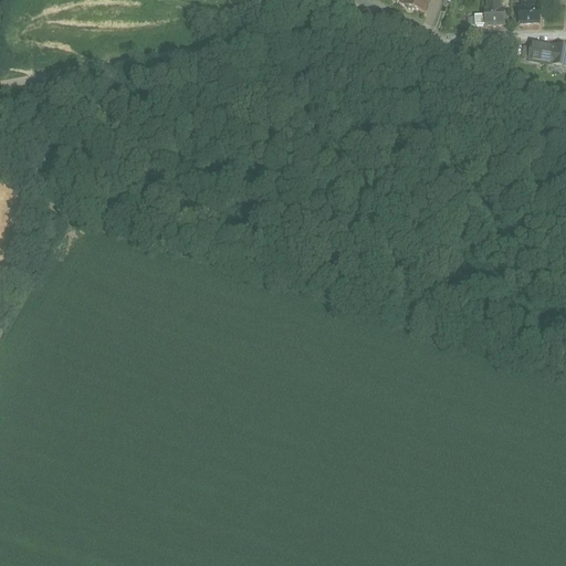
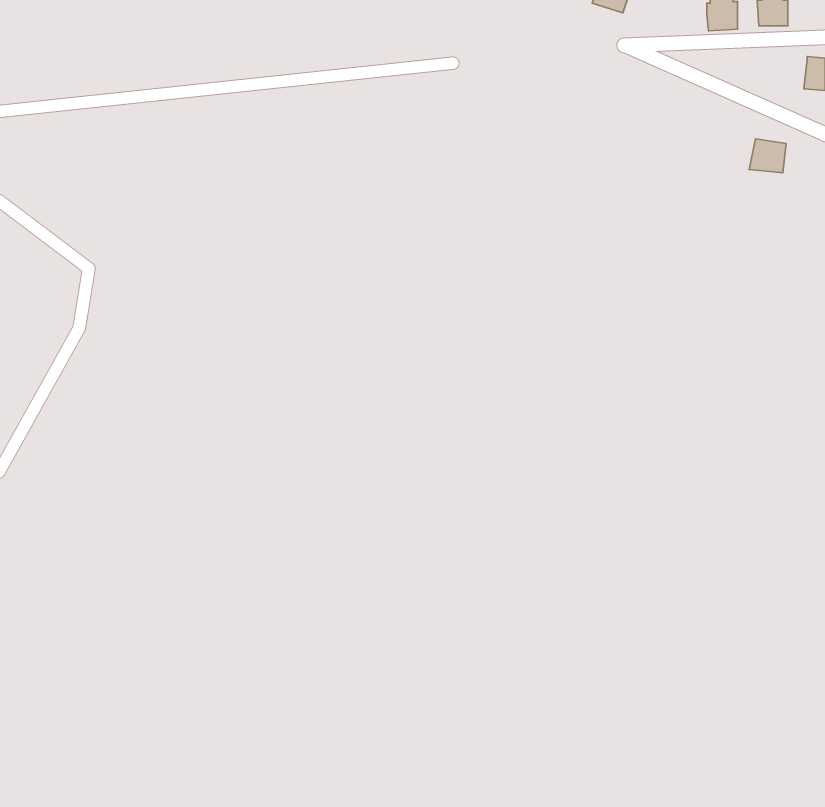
building: [526,38,552,61] -> [749,139,786,173]

